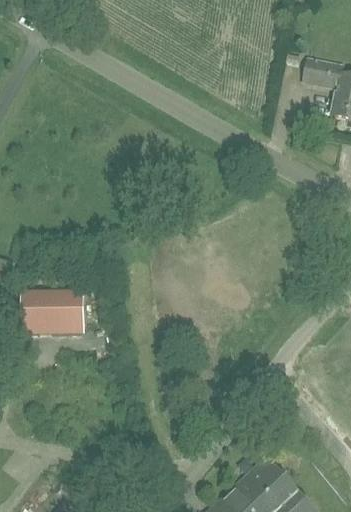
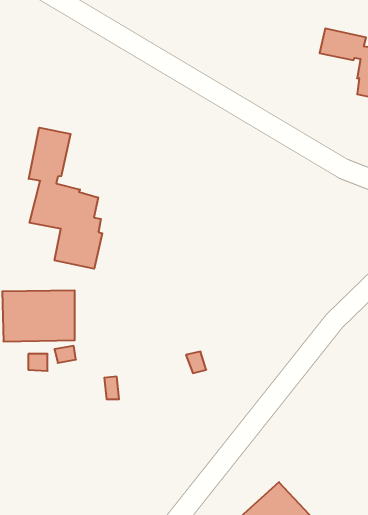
building: none -> [29,128,102,269]

